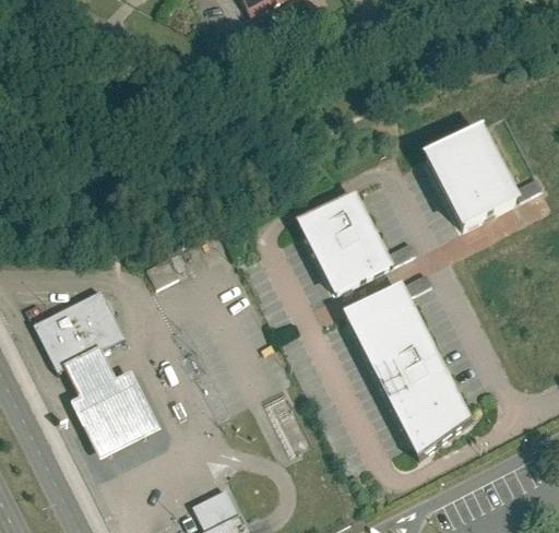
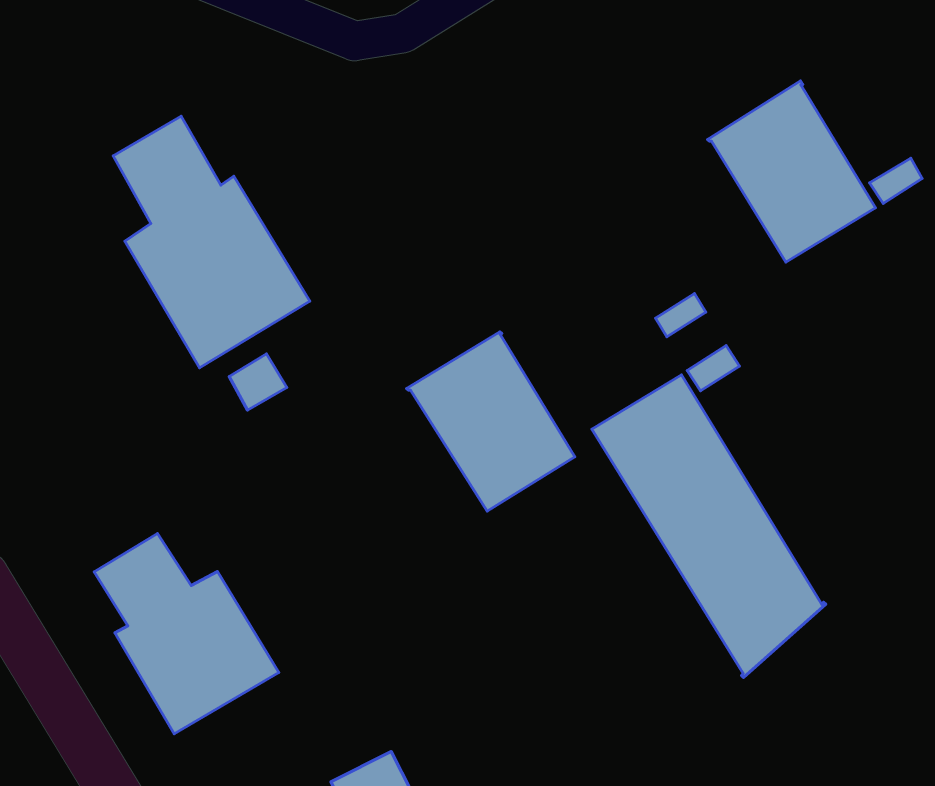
building: none -> [113,116,310,368]
building: [298,192,389,292] -> [406,332,575,511]
building: [34,289,126,371] -> none

